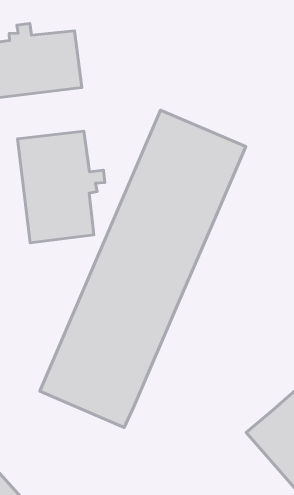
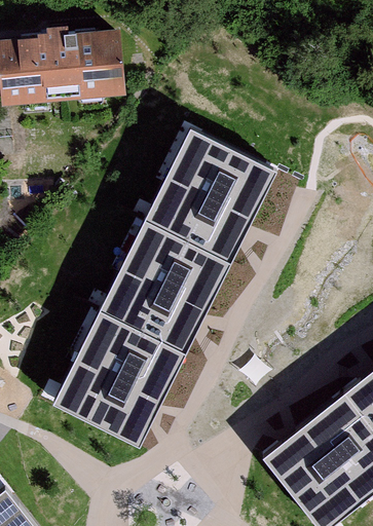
building: [17,131,105,243] -> none

